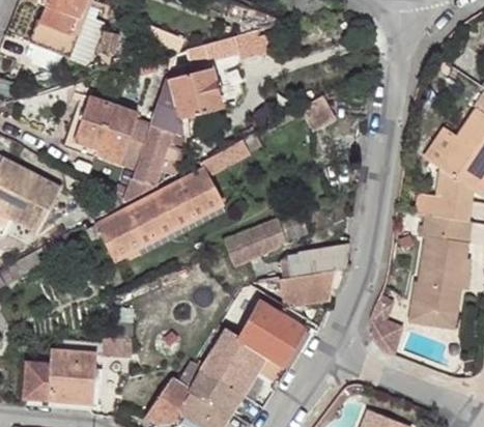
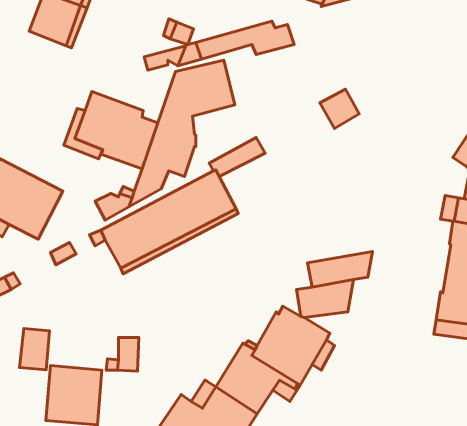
building: [241,217,281,258] -> none
building: [22,362,50,400] -> [19,328,50,370]

